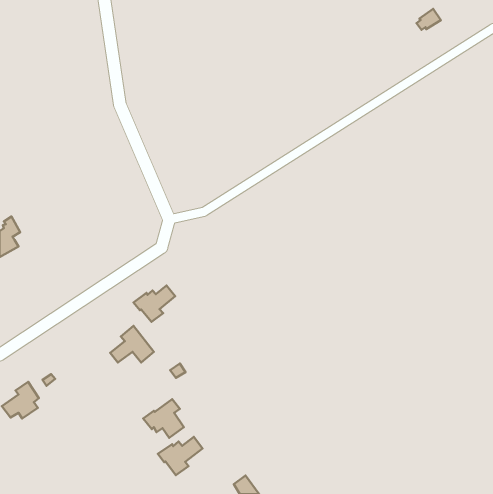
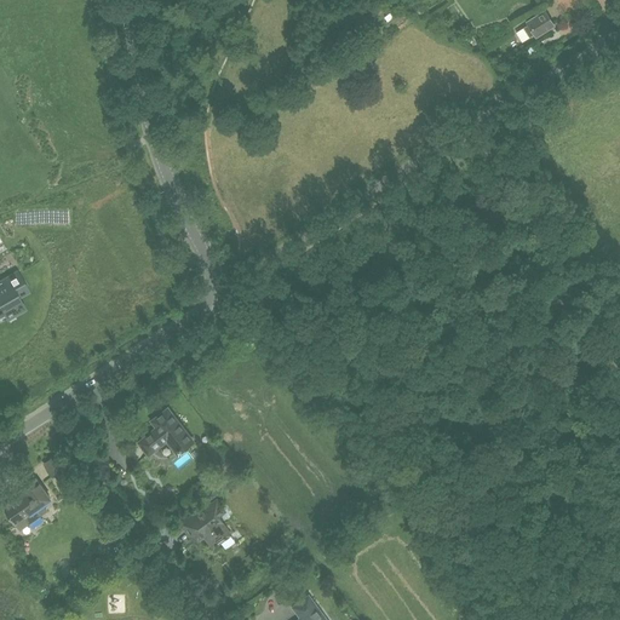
building: [134,285,175,322] -> none
building: [158,437,202,475] -> none

